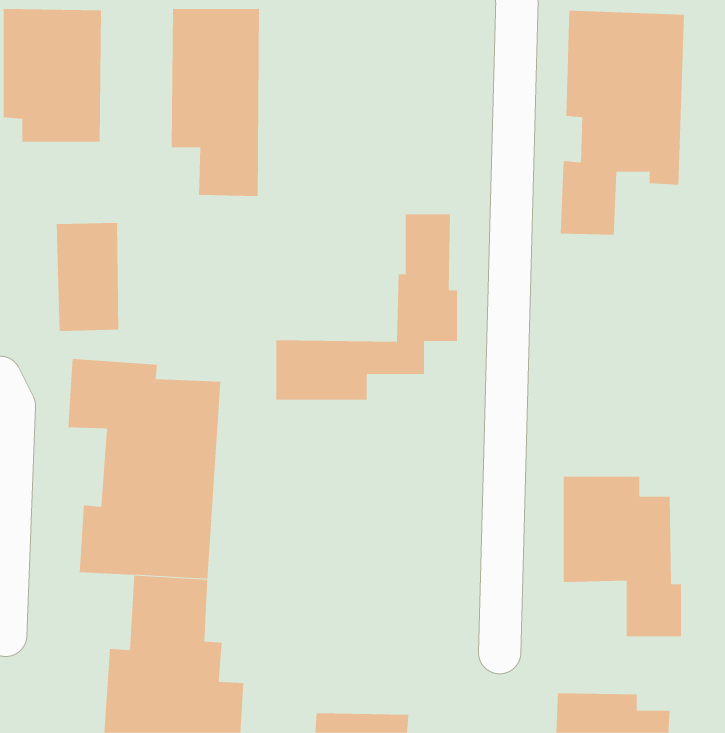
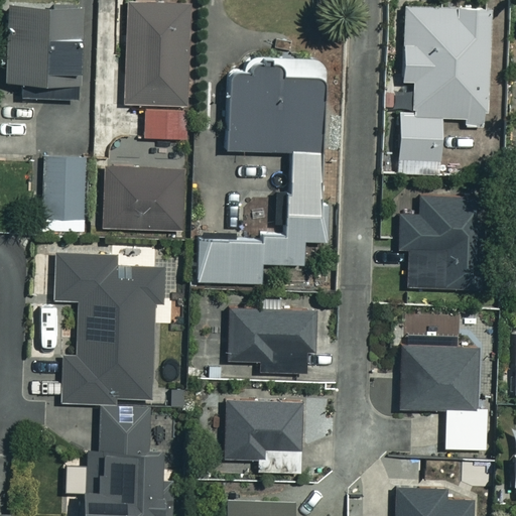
building: none -> [227,58,322,150]
building: none -> [106,168,183,229]
building: none -> [401,194,467,287]
building: none -> [229,308,316,371]
building: none -> [226,401,302,472]

